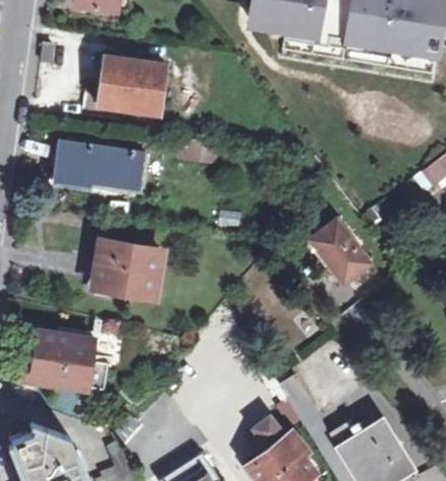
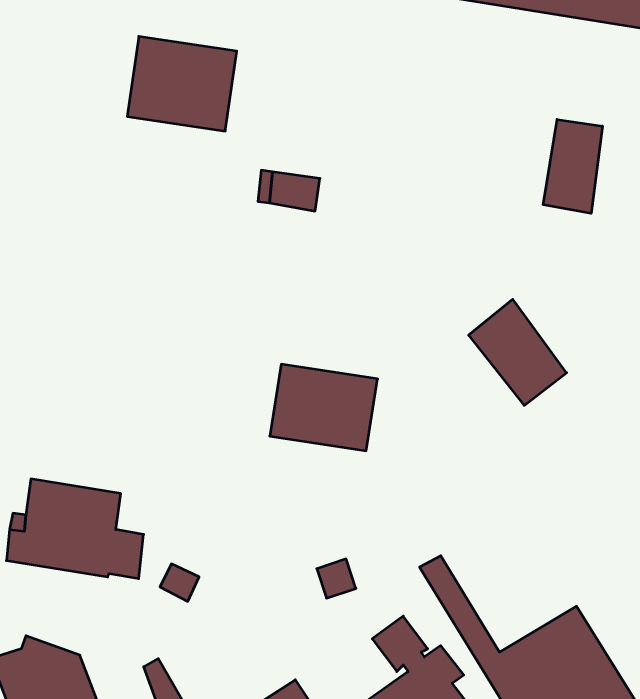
building: none -> [543,119,602,213]
building: [55,143,145,190] -> none
building: [95,242,162,296] -> [270,364,378,451]

